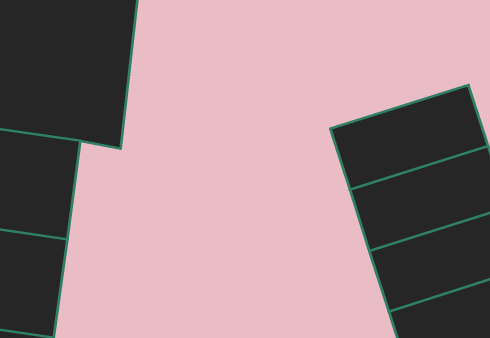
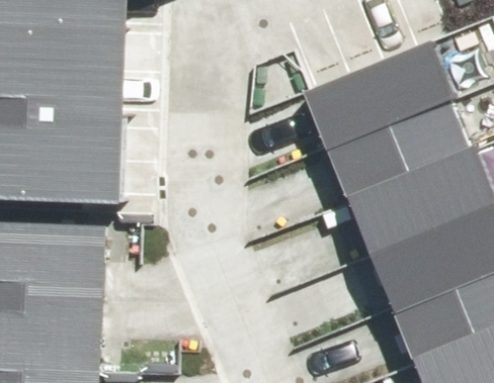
building: none -> [298,28,446,137]

